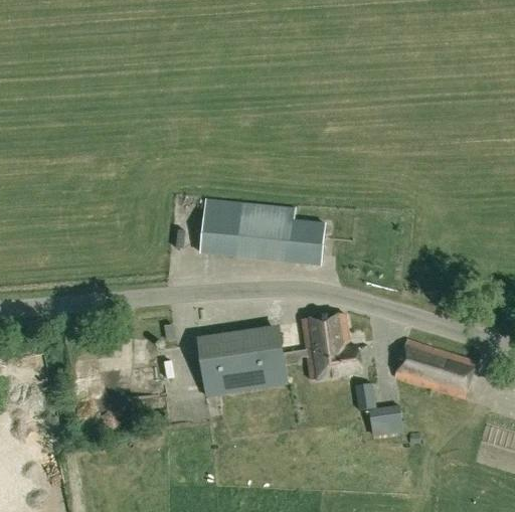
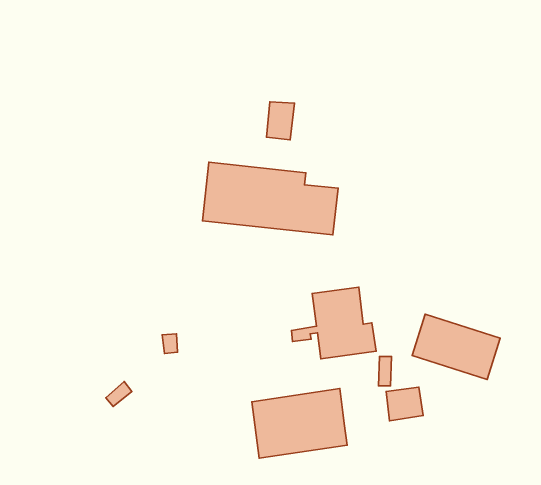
building: none -> [267,102,294,140]
building: [197,331,286,395] -> [252,389,347,458]

